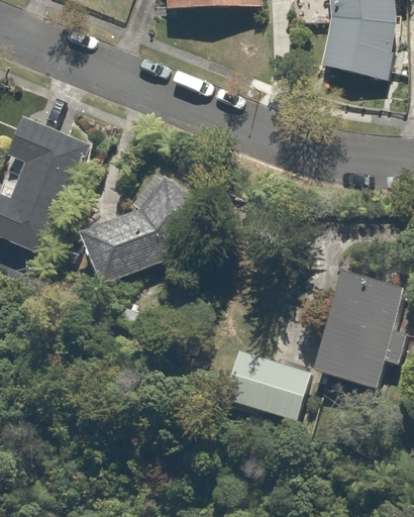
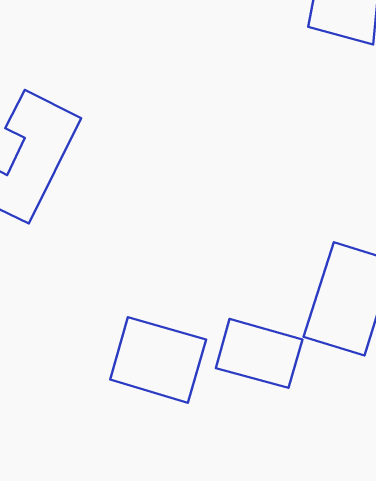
building: [84,174,207,280] -> none
building: none -> [110,317,206,403]

